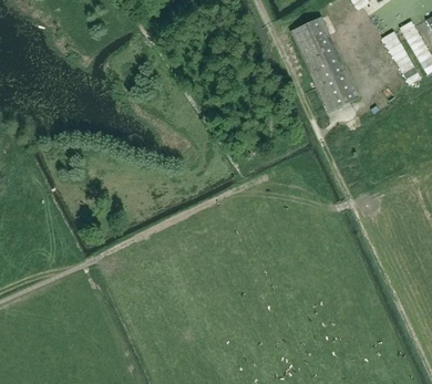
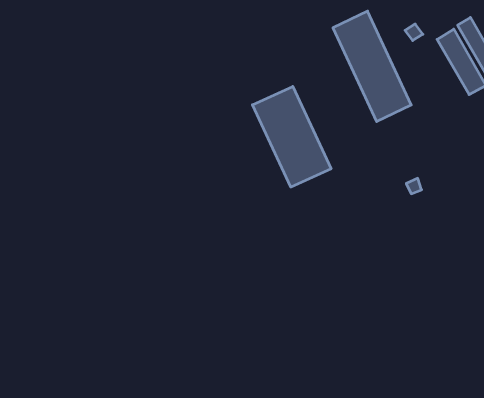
building: none -> [252,86,331,187]

